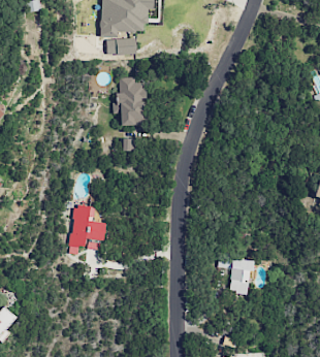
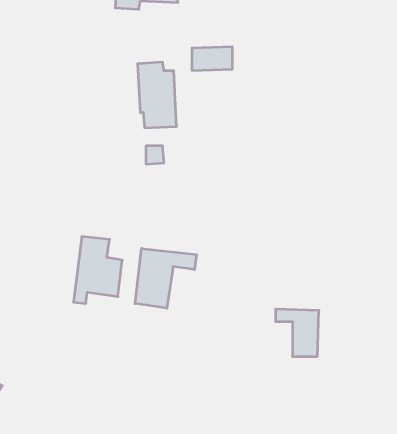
building: [107,38,137,56] -> [192,47,232,70]
building: none -> [135,248,197,308]

